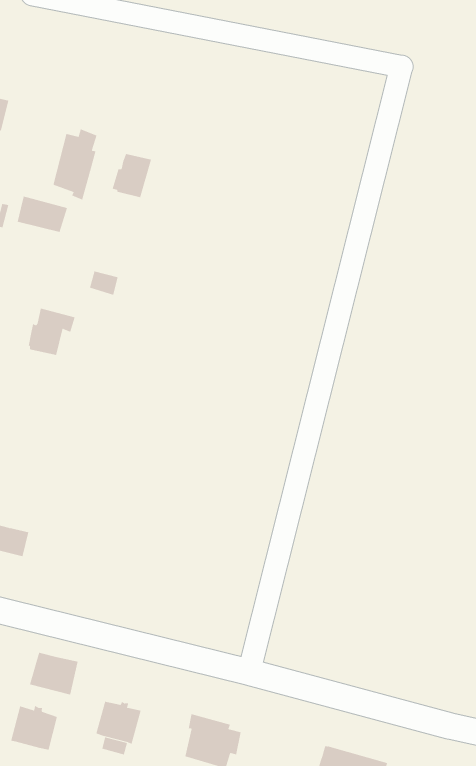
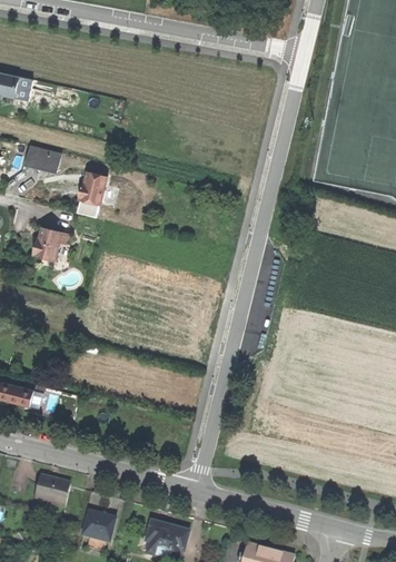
building: [53,128,97,200] -> none
building: [112,153,152,198] -> [77,171,106,204]
building: [11,705,57,751] -> none

